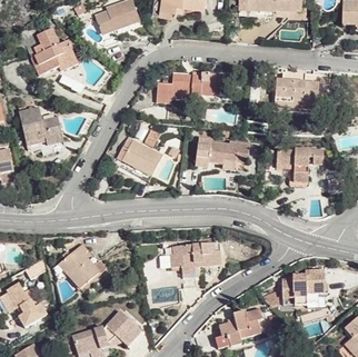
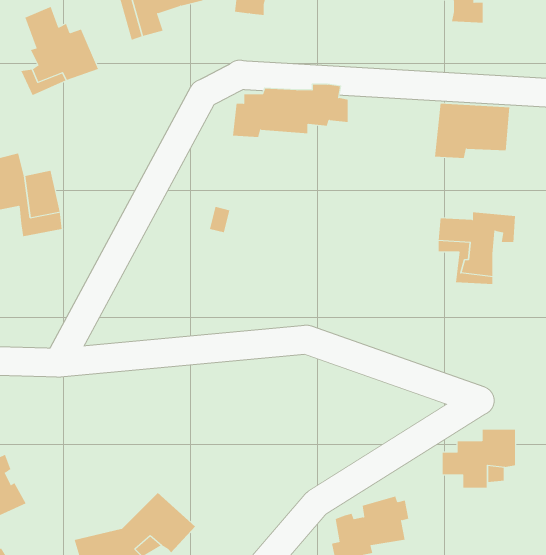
building: [198,135,251,166] -> none
building: [119,145,161,181] -> none
building: [57,238,99,286] -> none
building: [169,240,218,289] -> none

